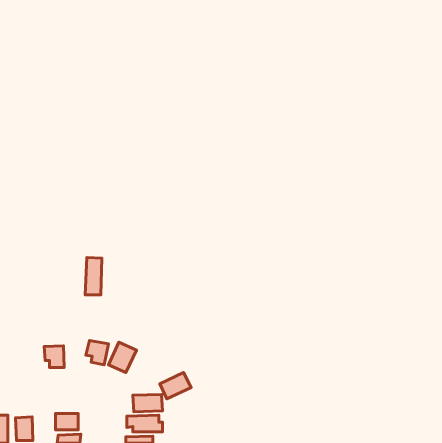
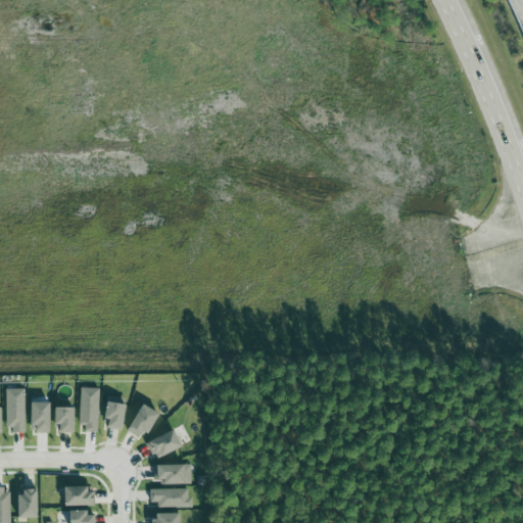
building: [85,257,102,295] -> [79,387,98,431]
building: none -> [5,388,25,430]
building: none -> [29,401,51,432]
building: [160,373,191,399] -> [146,429,183,460]

